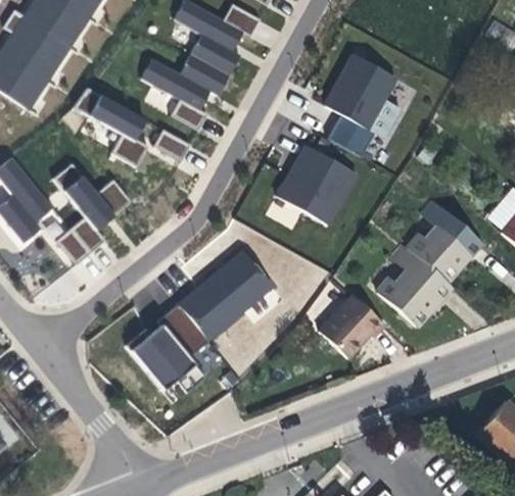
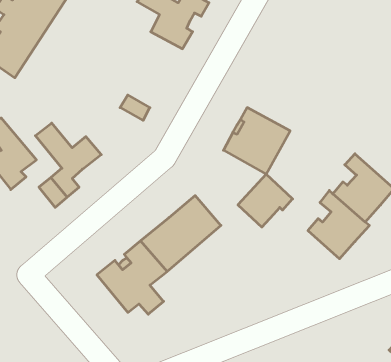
building: [141,54,228,130] -> none
building: [325,54,400,156] -> none
building: [73,87,148,166] -> none
building: [320,295,385,358] -> [238,174,293,227]

